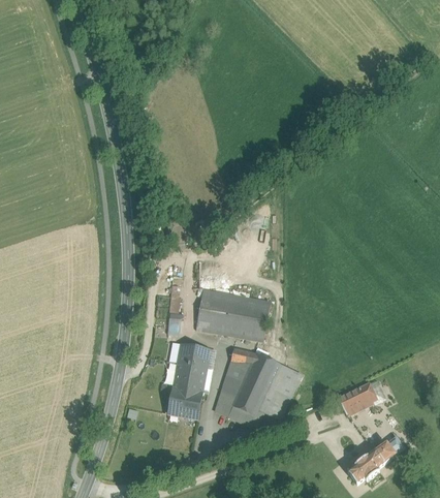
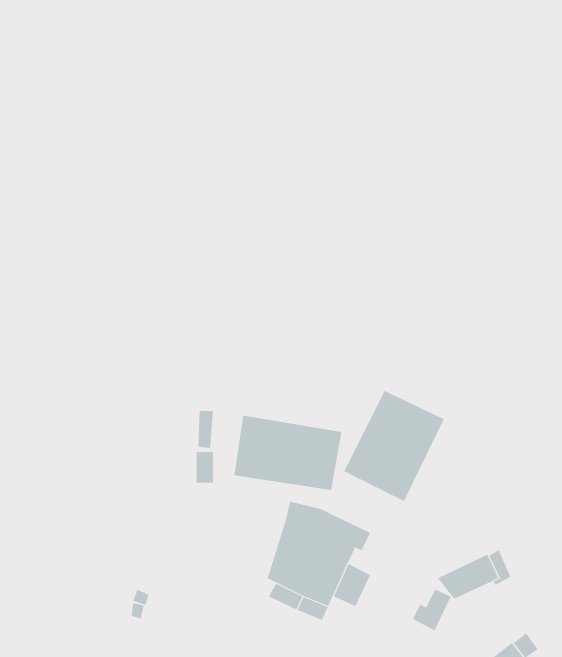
building: none -> [344,390,444,502]
building: [167,344,209,418] -> none
building: [273,368,300,397] -> [412,589,452,631]

